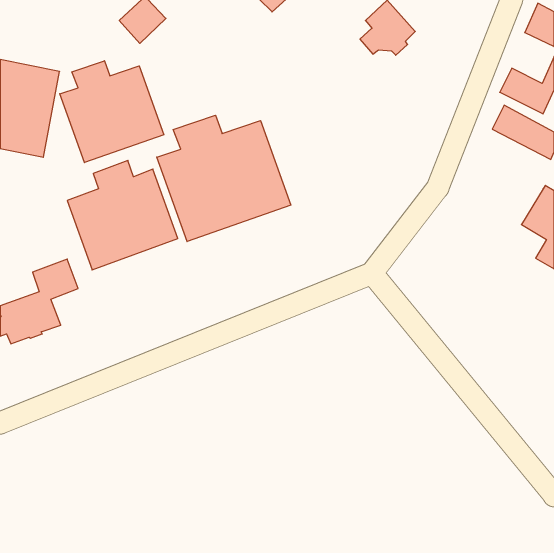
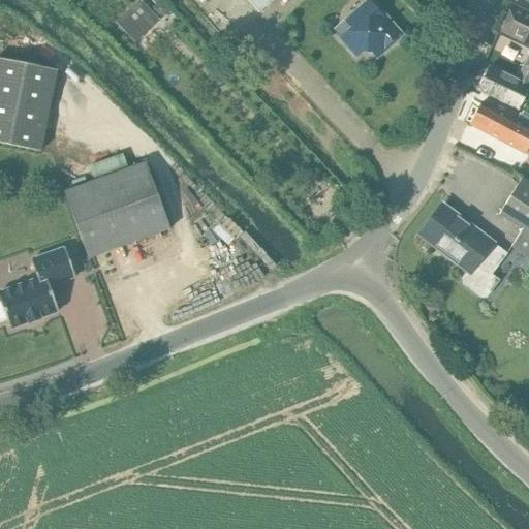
building: [60,61,164,163] -> none
building: [157,115,291,242] -> none
building: none -> [418,203,506,299]

